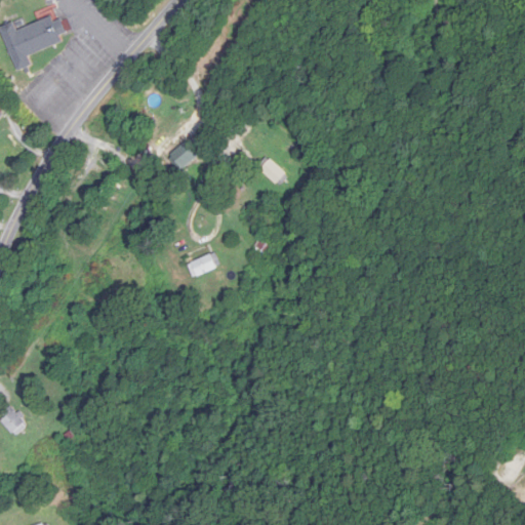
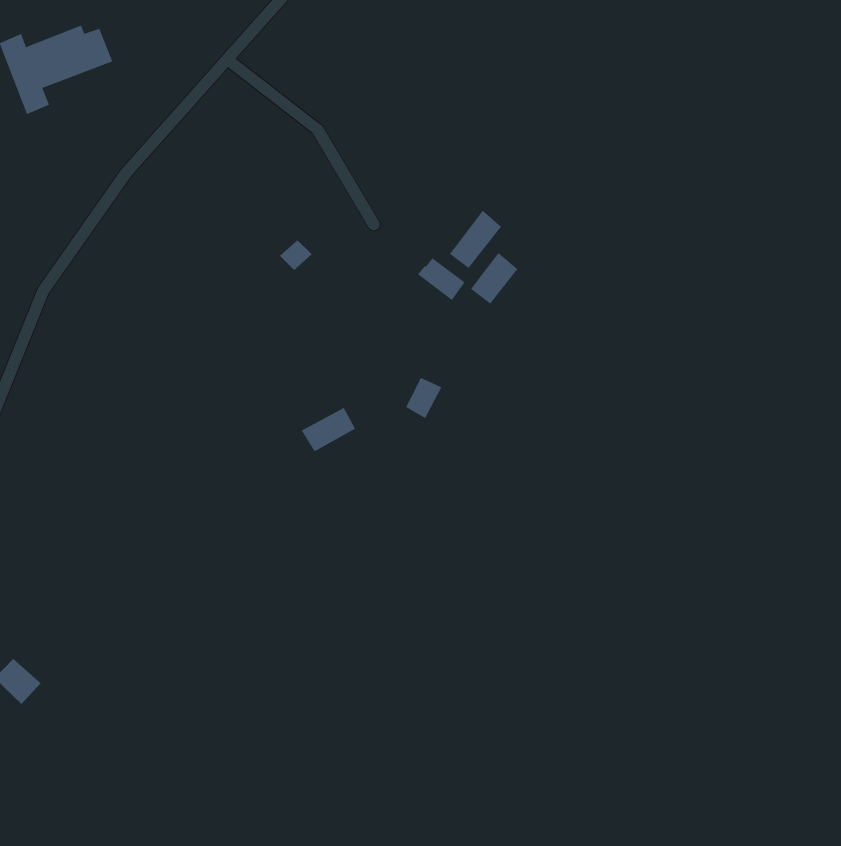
building: none -> [449,210,502,269]
building: none -> [470,252,518,304]

